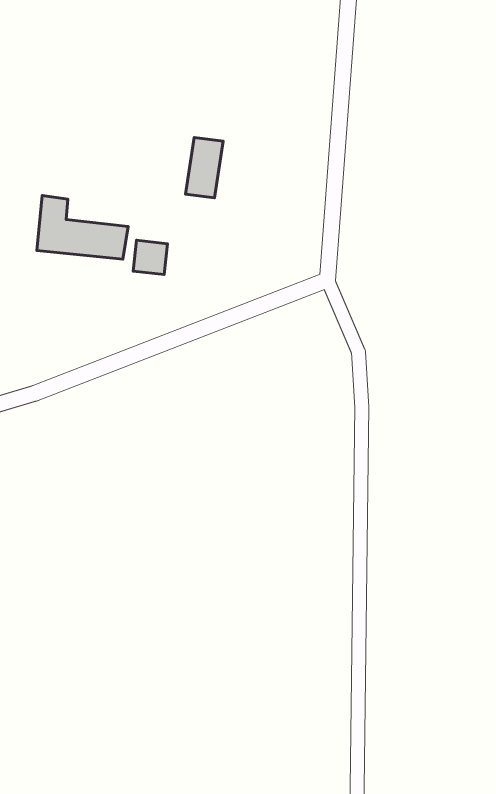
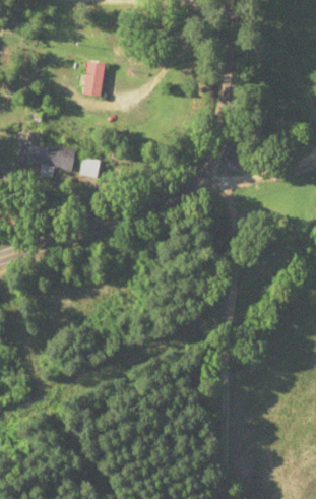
building: [185,138,223,198] -> [83,61,106,97]

